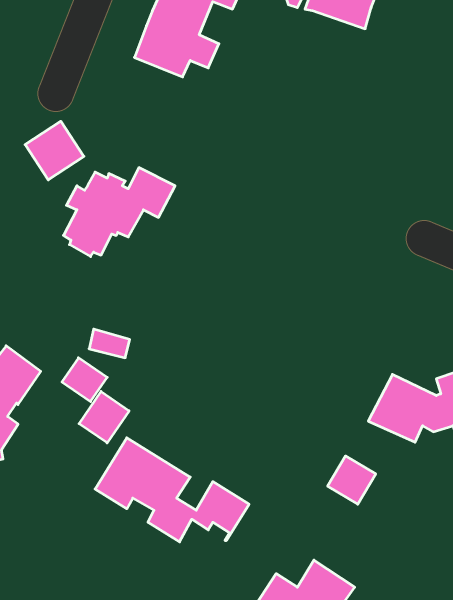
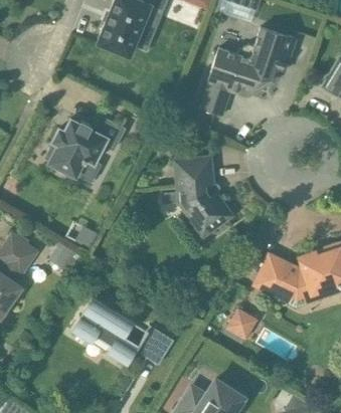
building: none -> [200,27,296,116]
building: [25,121,84,180] -> none
building: none -> [175,157,232,237]
building: [79,391,129,443] -> none

